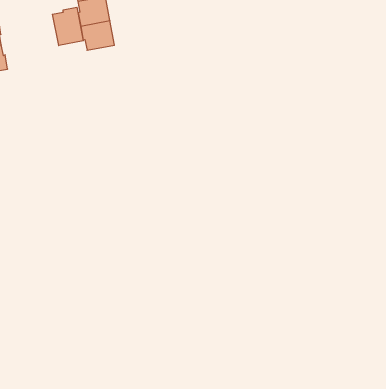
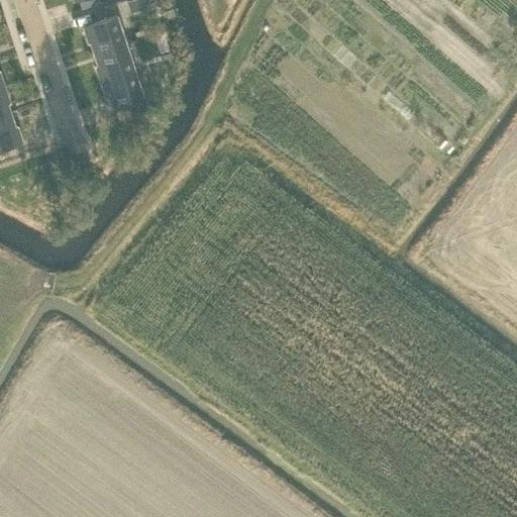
building: [52,7,83,46] -> none

